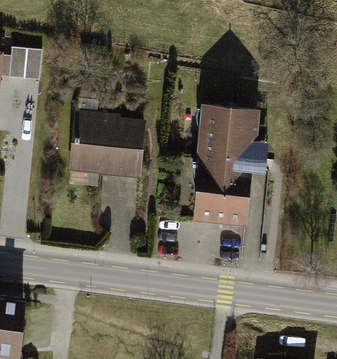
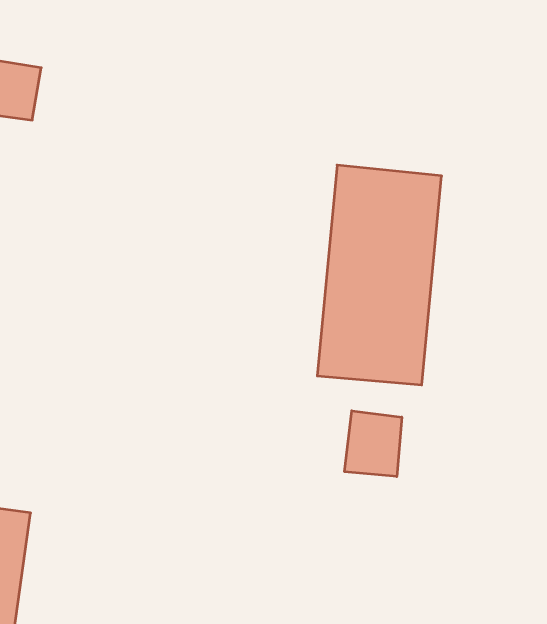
building: [69,111,145,178] -> none
building: none -> [345,411,402,477]

